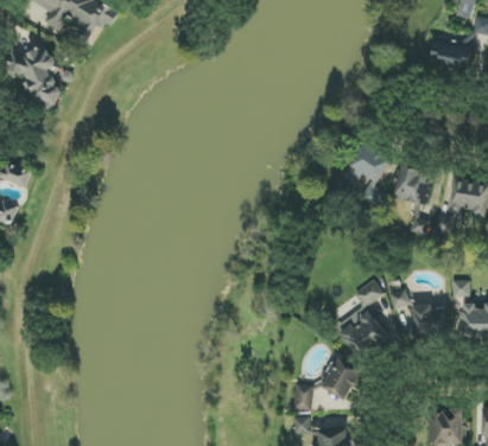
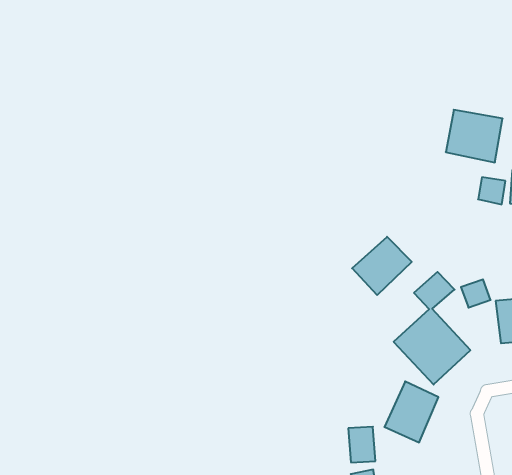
building: [350,141,391,208] -> none
building: none -> [352,237,412,295]

